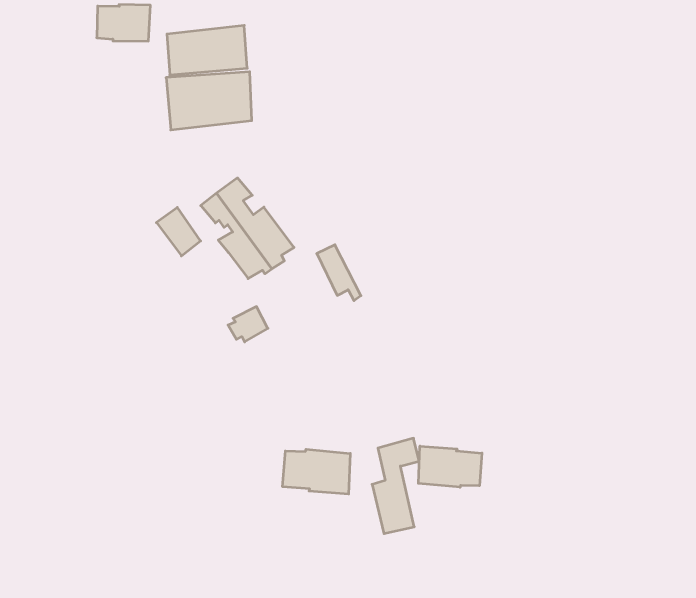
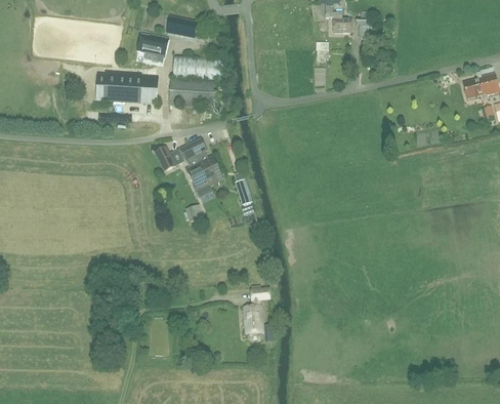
building: none -> [96,72,158,103]
building: [418,446,482,487] -> none
building: [283,449,350,494] -> none

